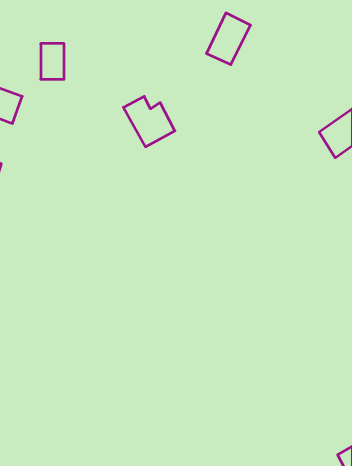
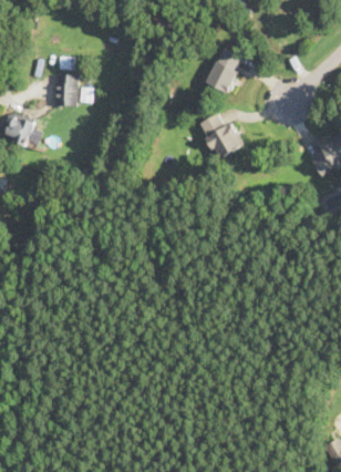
building: [123,96,175,147] -> [197,113,244,158]

